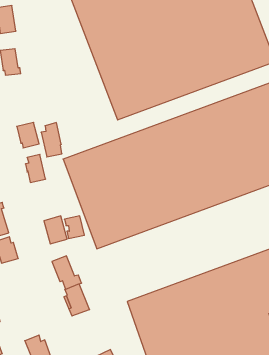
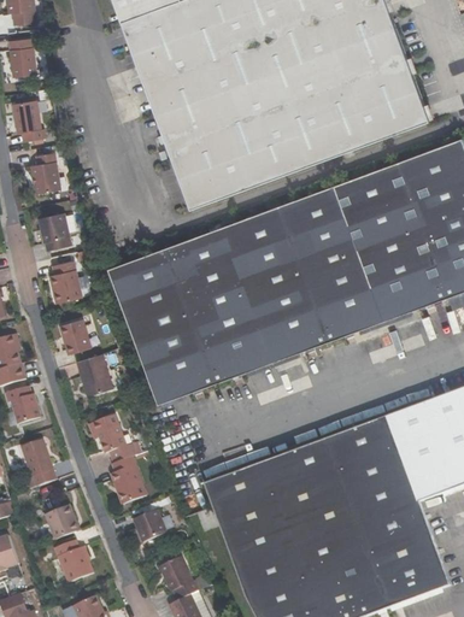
building: [41,123,62,157] -> [28,148,59,200]
building: [64,216,84,238] -> [64,319,94,353]
building: none -> [19,437,57,490]
building: none -> [42,496,74,534]
building: none -> [133,510,170,543]

